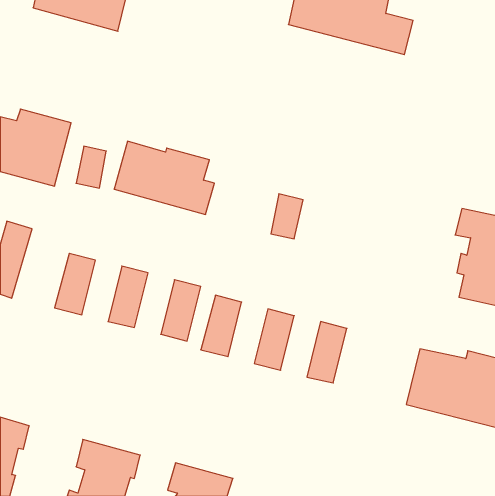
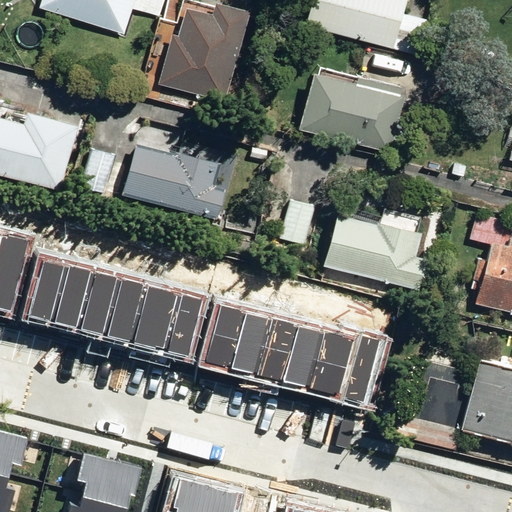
building: none -> [154,4,245,102]
building: none -> [292,74,400,153]
building: none -> [314,215,426,292]
building: none -> [32,253,74,316]
building: none -> [87,267,128,330]
building: none -> [141,280,182,343]
building: none -> [237,310,278,373]
building: none -> [291,324,332,387]
building: none -> [345,331,388,400]

